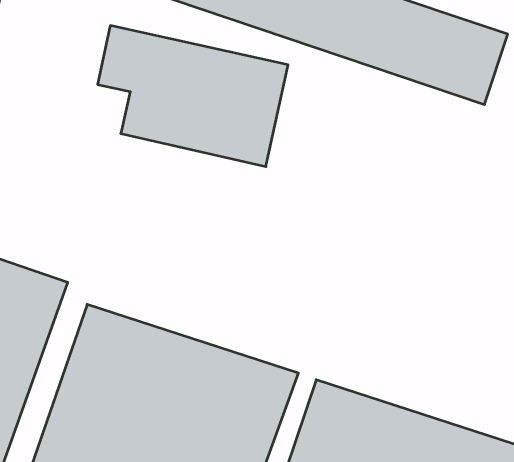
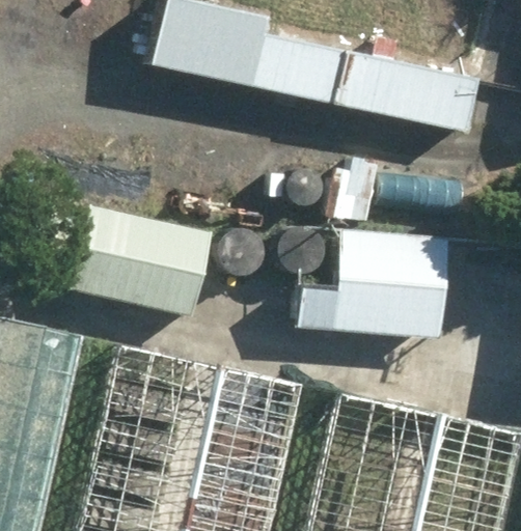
building: [98,26,288,167] -> [36,198,205,308]
building: none -> [287,220,437,337]

